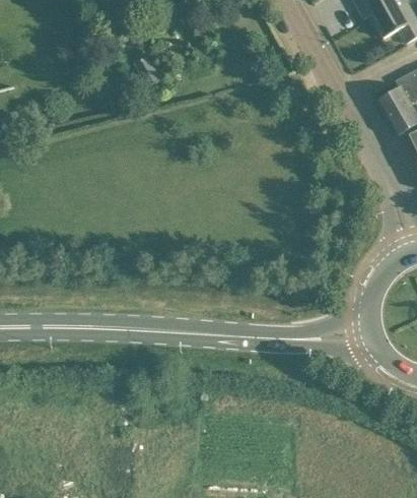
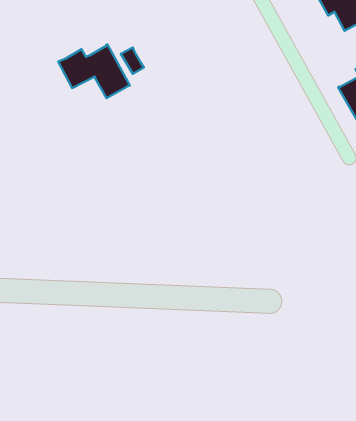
building: none -> [58,45,130,98]

